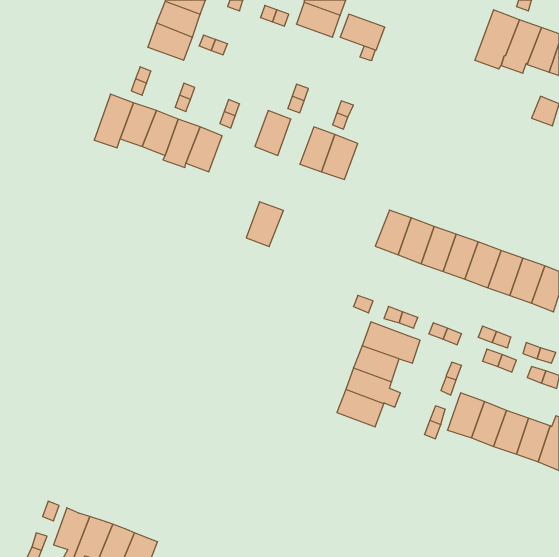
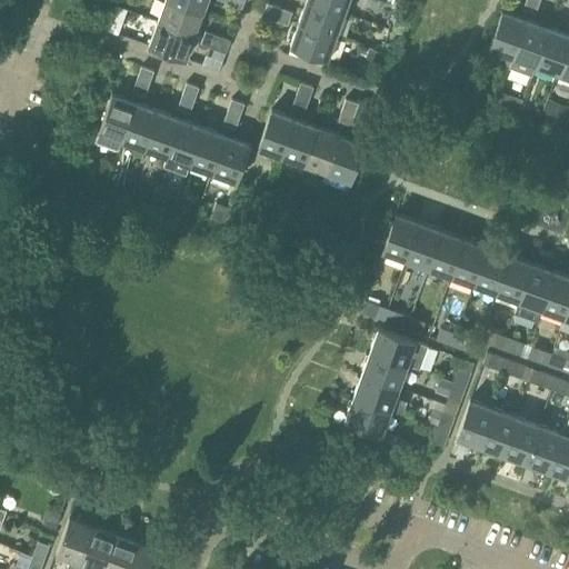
building: [340,14,385,50] -> [292,27,338,63]
building: none -> [282,123,319,169]
building: [246,202,283,247] -> [212,140,250,186]

